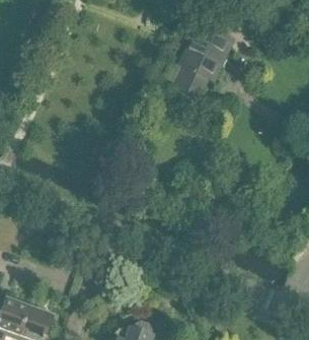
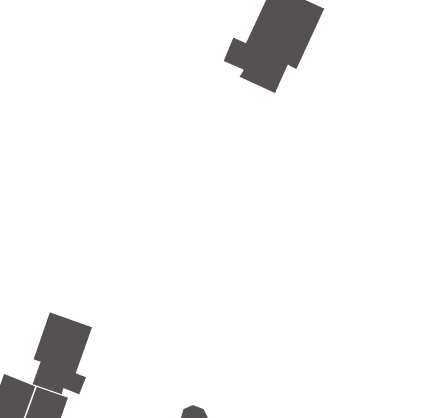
building: none -> [32,311,93,395]

